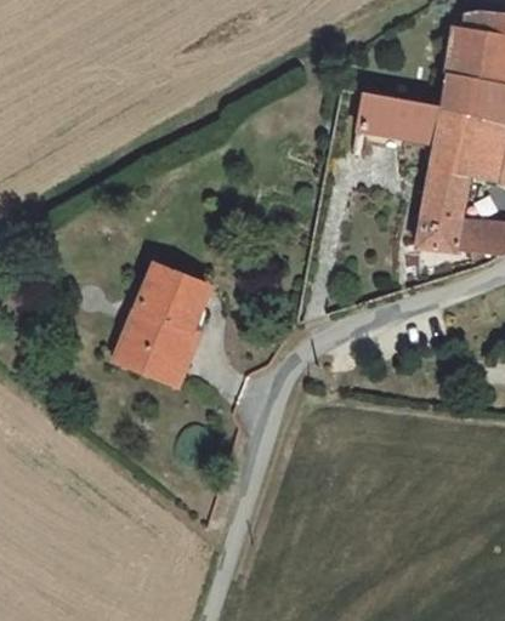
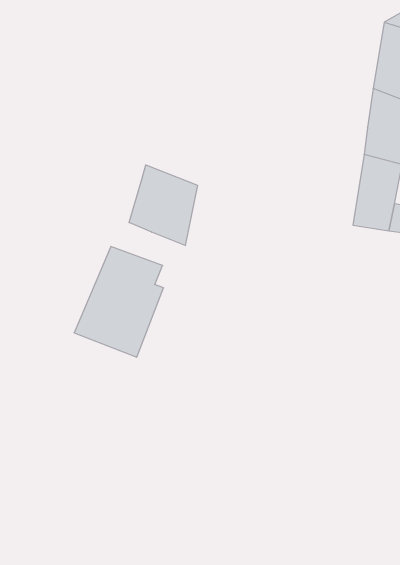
building: [354,90,437,139] -> none
building: none -> [129,165,198,246]

